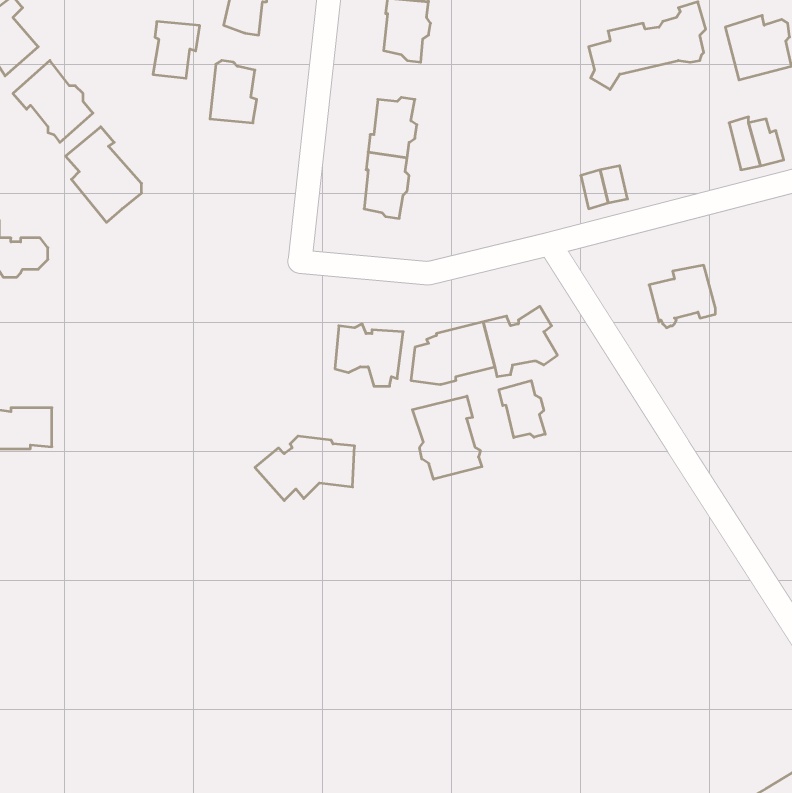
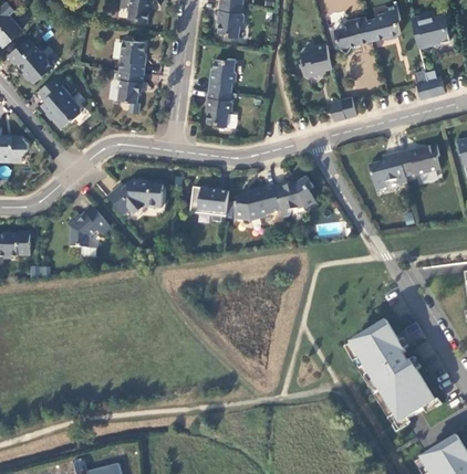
building: [153,22,200,78] -> [117,70,144,102]
building: none -> [301,43,333,75]
building: none -> [399,144,439,177]
building: none -> [68,207,112,247]
building: [499,381,545,438] -> none
building: [412,396,482,479] -> none
building: [255,436,355,501] -> [106,179,163,215]
building: none -> [342,319,435,430]

